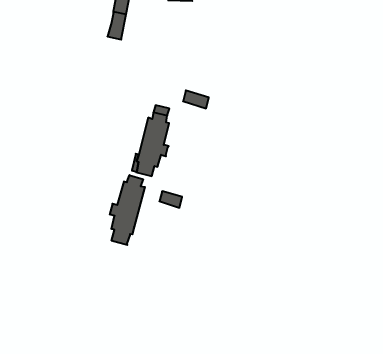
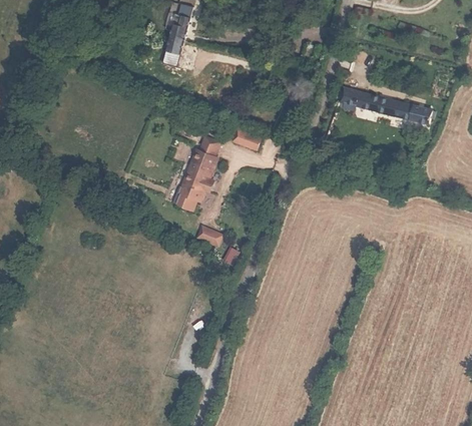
building: none -> [341,86,433,123]
building: [110,175,145,245] -> none

